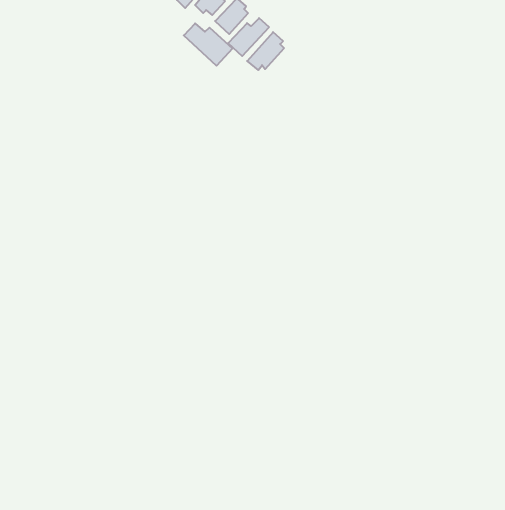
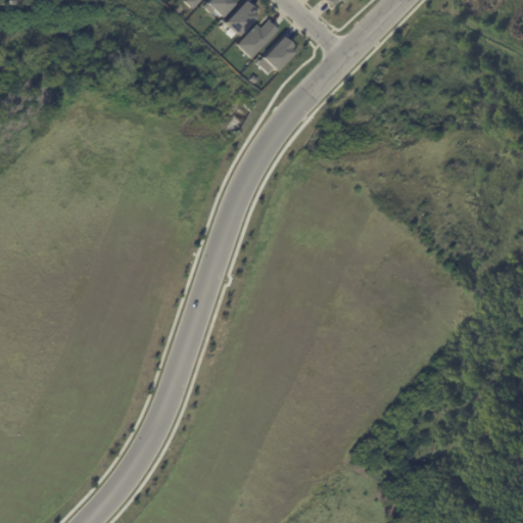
building: [184,23,232,66] -> none

